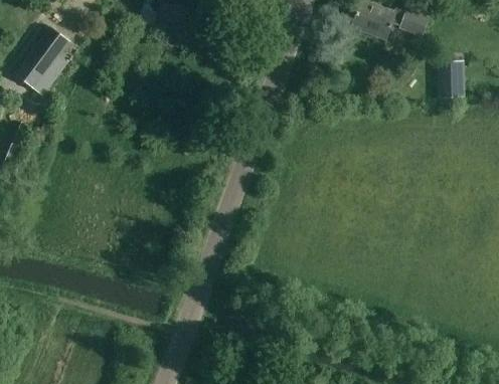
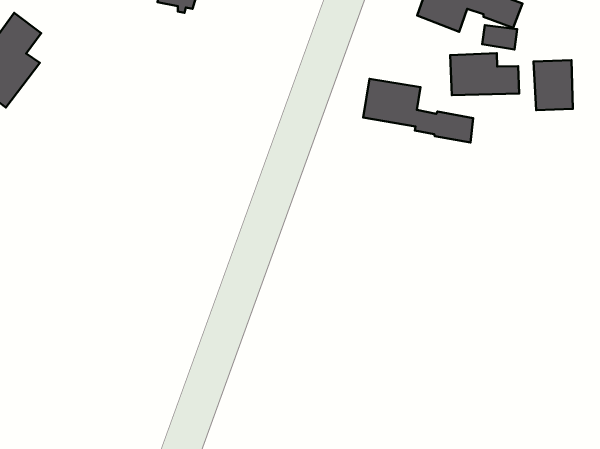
building: none -> [450,53,519,95]
building: none -> [363,79,473,143]

